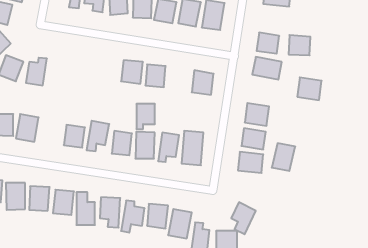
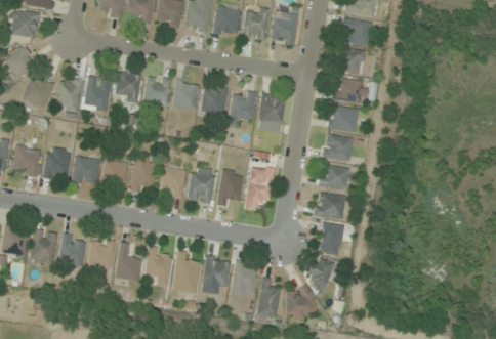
building: [289,35,310,55] -> [344,20,371,45]
building: none -> [116,73,141,103]
building: none -> [82,76,112,113]
building: none -> [142,77,170,109]
building: [297,77,322,100] -> [328,105,358,133]
building: [136,104,155,129] -> [232,93,254,124]
building: none -> [72,157,99,185]
building: [272,143,295,171] -> [317,222,345,256]

